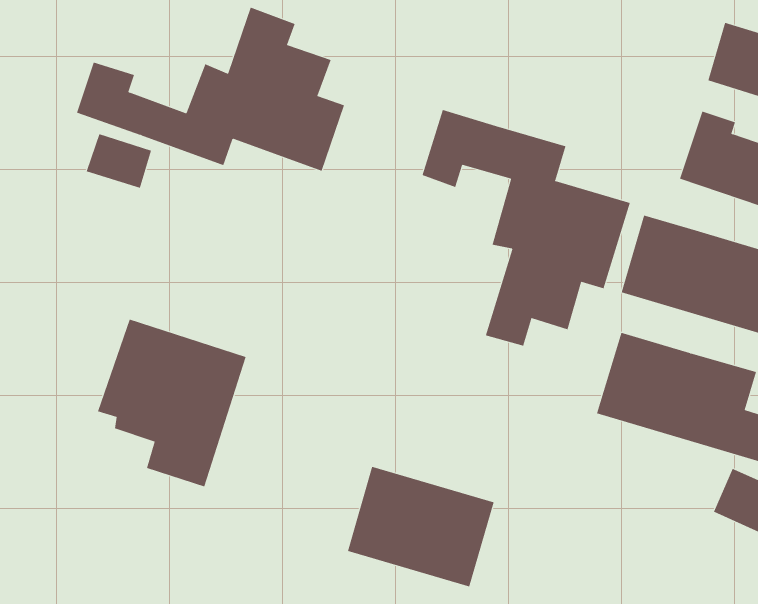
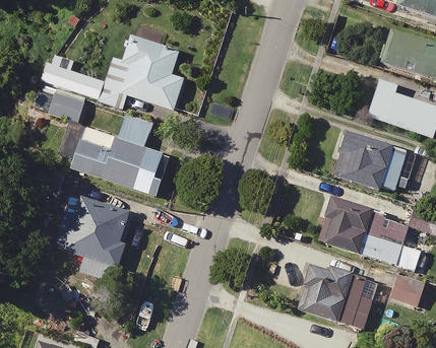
building: [422,109,630,346] -> none
building: none -> [60,118,165,196]
building: [347,466,494,587] -> [297,264,376,329]

